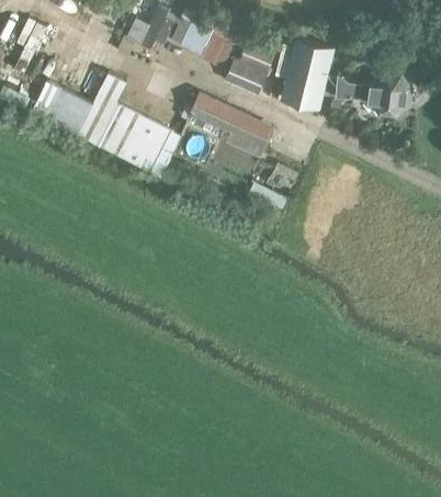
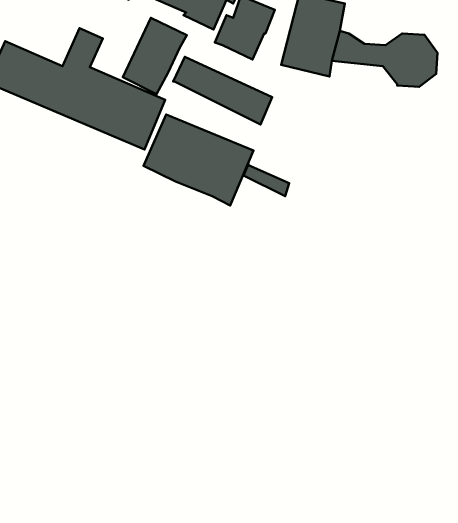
building: none -> [123,18,187,94]
building: none -> [144,114,253,205]

